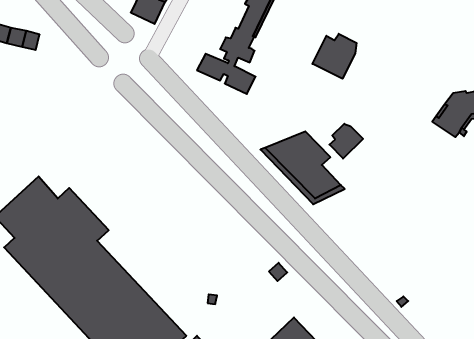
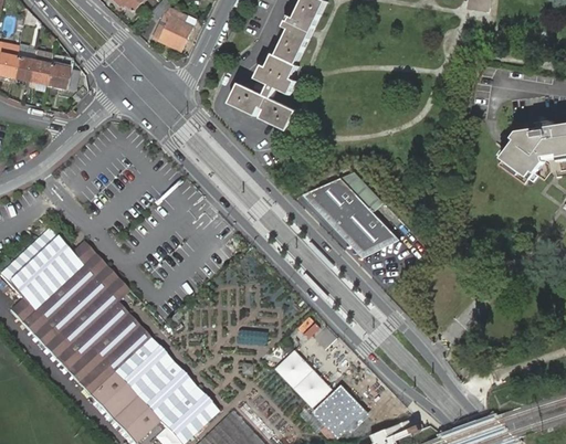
building: [312,34,357,79] -> none
building: none -> [43,62,75,86]
building: [329,124,363,159] -> none
building: none -> [272,348,331,406]

